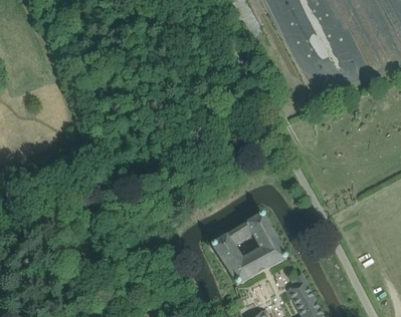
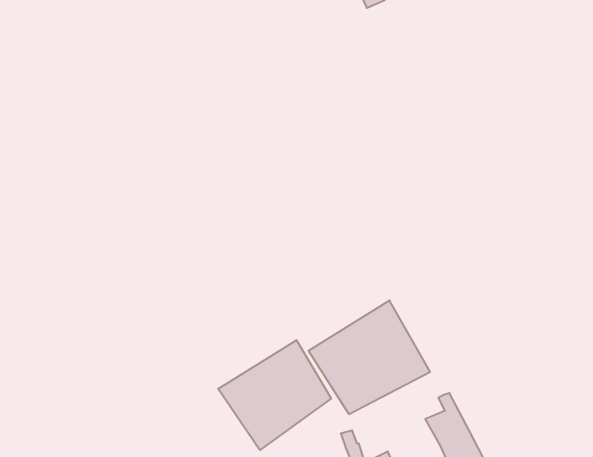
building: none -> [218,340,331,450]

